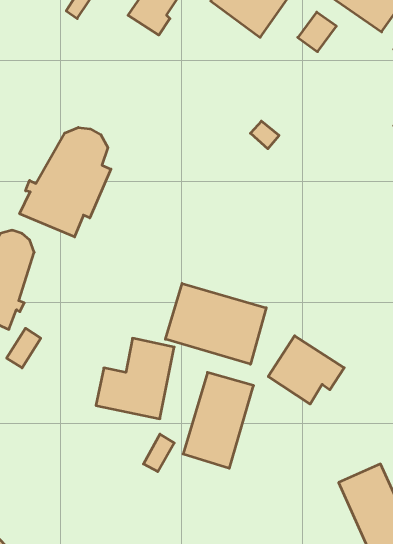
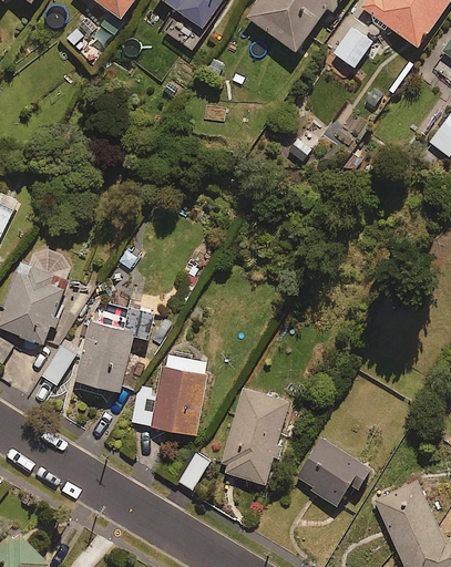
building: [20,127,111,237] -> none
building: [165,283,266,364] -> none
building: none -> [74,308,155,393]
building: [268,336,344,404] -> [295,437,371,506]

